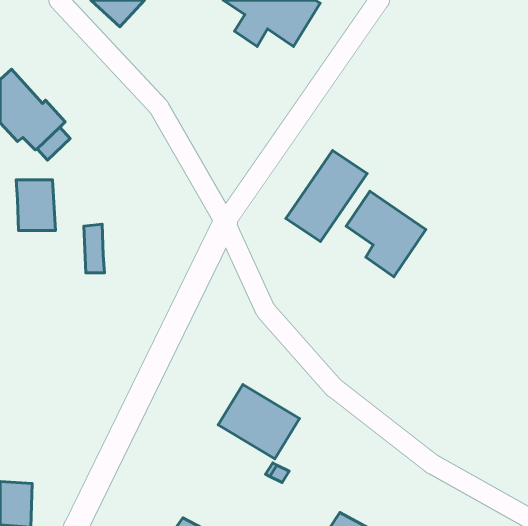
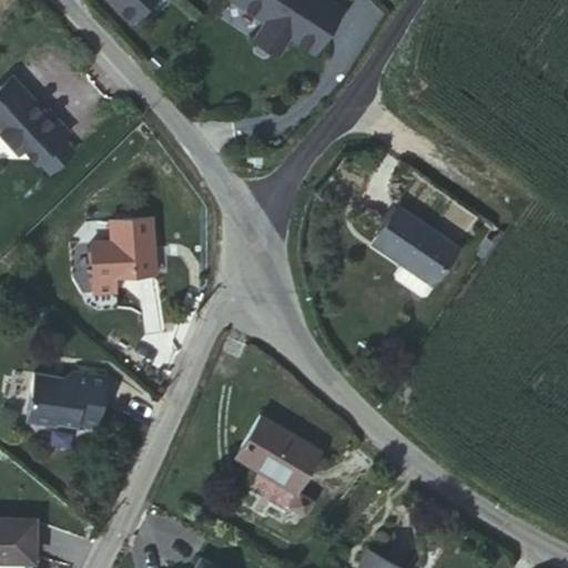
building: [286,151,367,241] -> none
building: [16,180,56,230] -> [109,222,151,276]
building: none -> [26,369,108,433]

